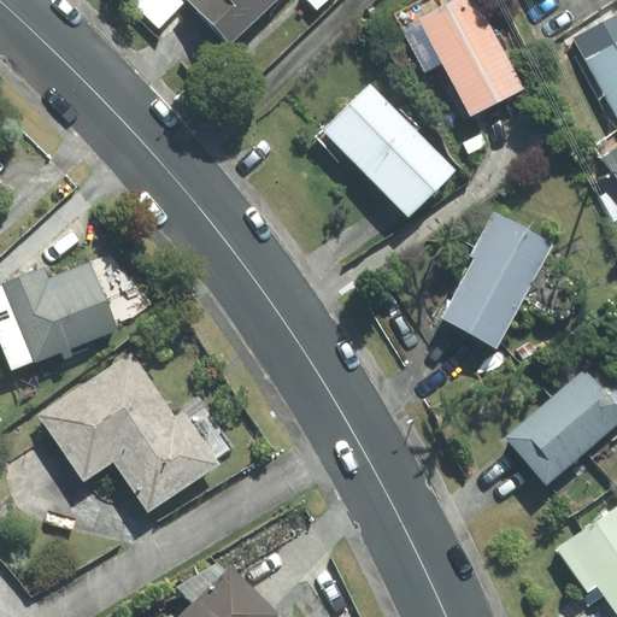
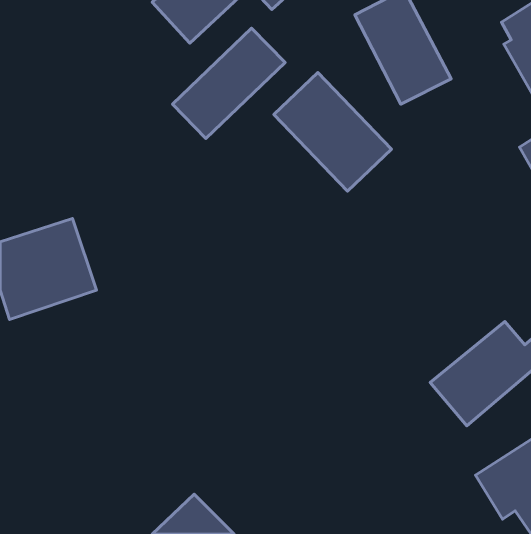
building: none -> [172,28,285,139]
building: [437,210,556,352] -> none
building: [37,352,221,515] -> none

